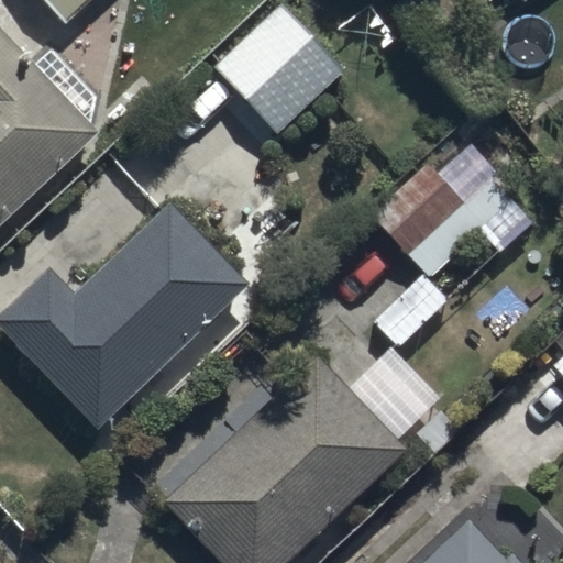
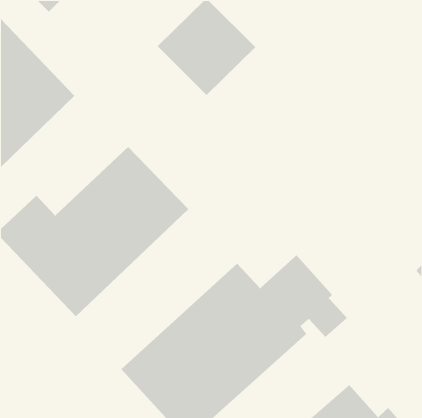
building: [367,146,514,285] -> none

